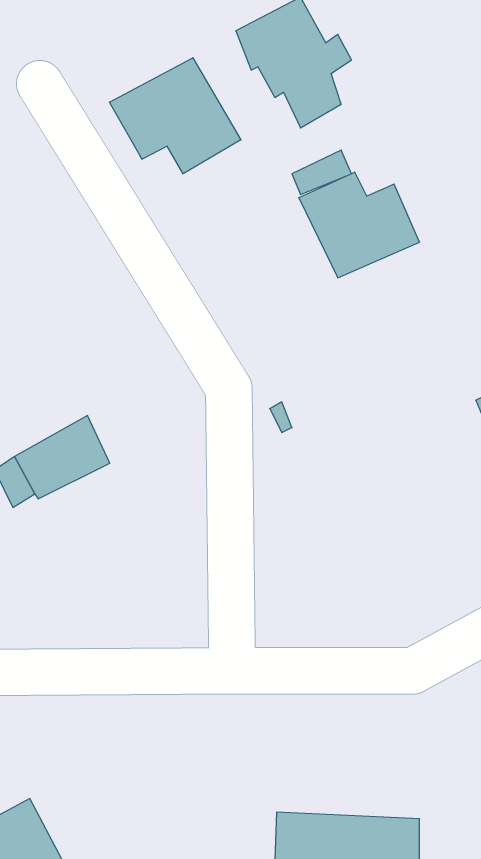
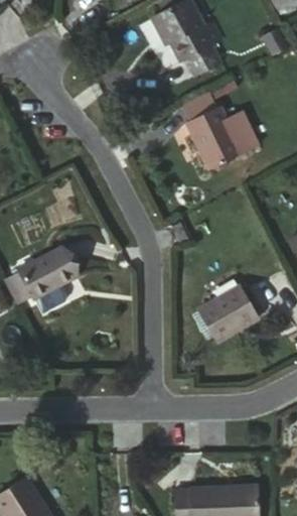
building: [109,58,241,174] -> none
building: none -> [199,288,258,344]

